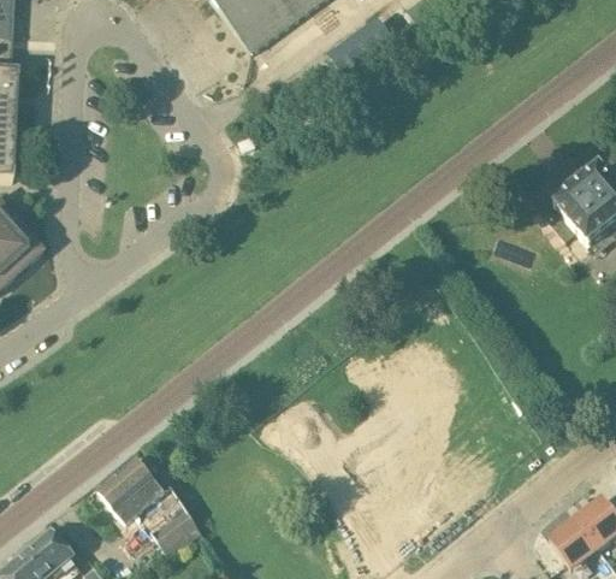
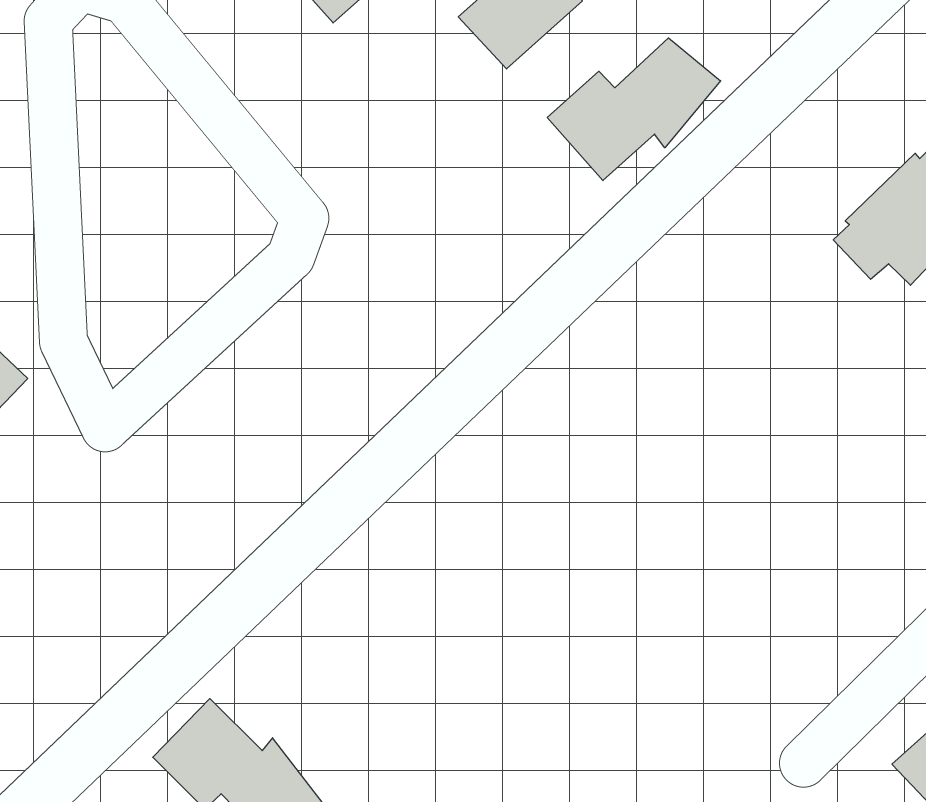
building: none -> [547,38,721,181]

